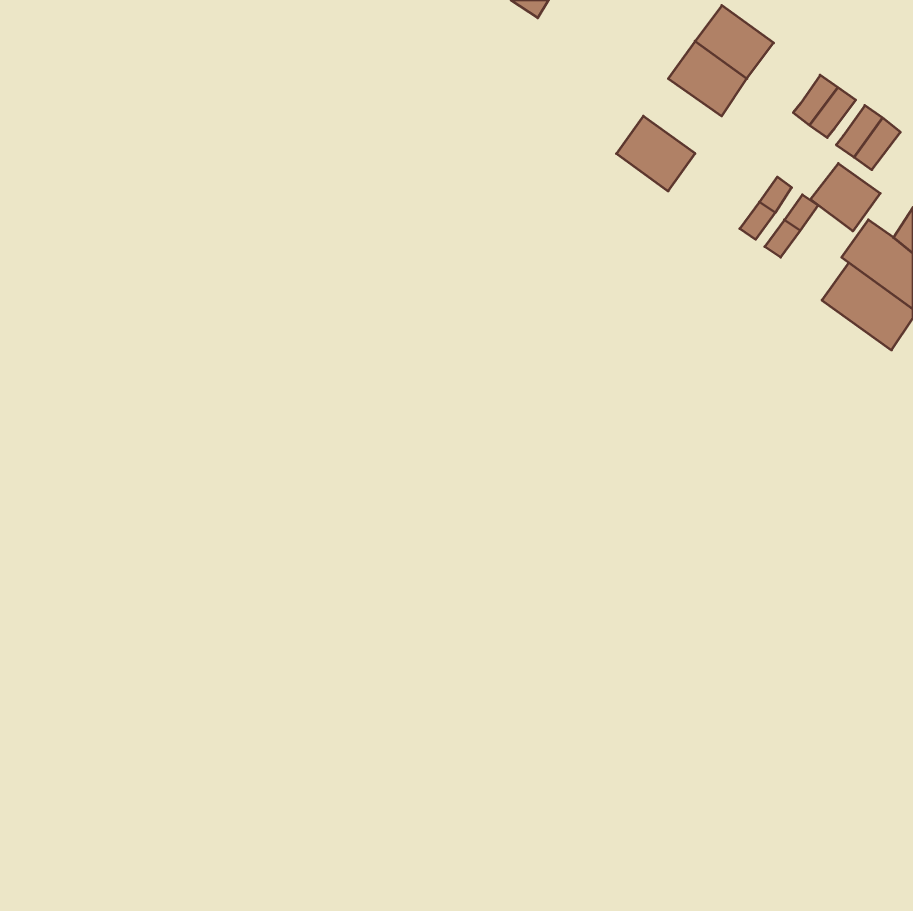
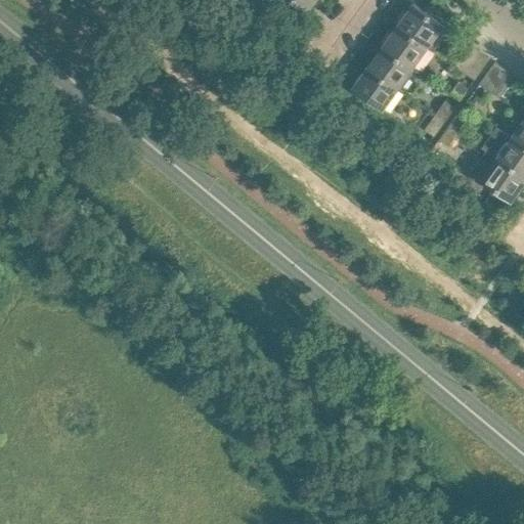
building: none -> [368,46,413,89]
building: [811,163,880,231] -> none

